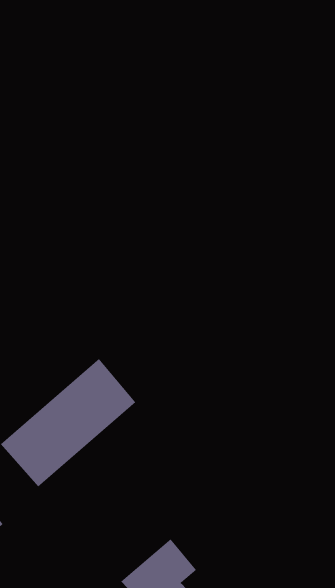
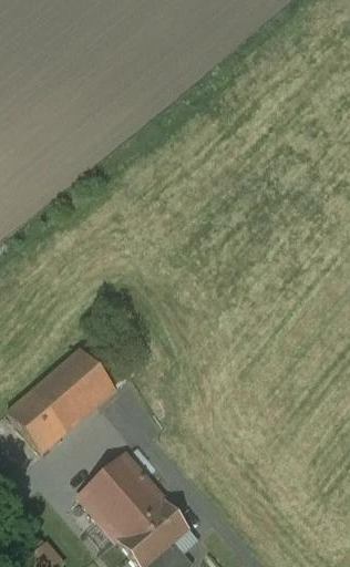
building: none -> [80,456,164,540]

